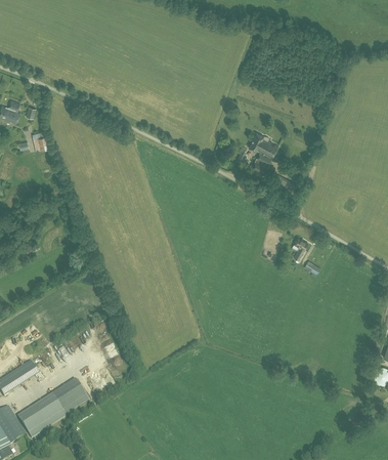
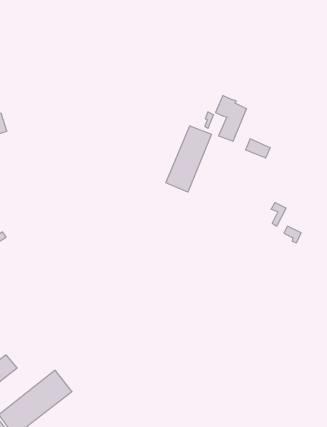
building: none -> [166,126,212,192]

